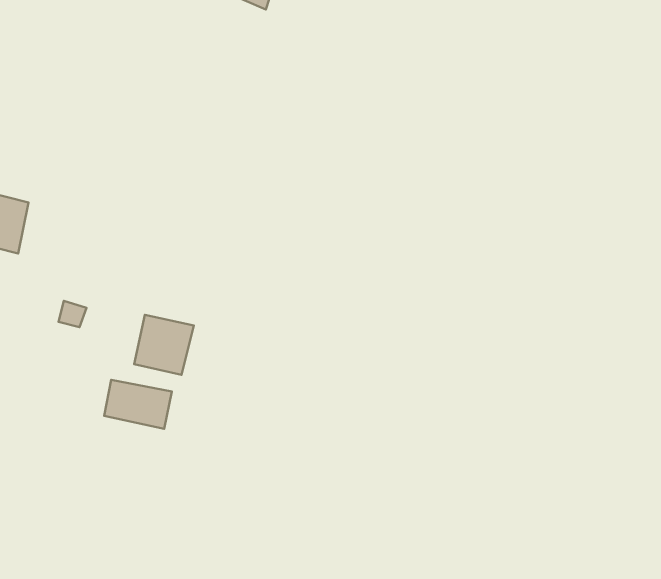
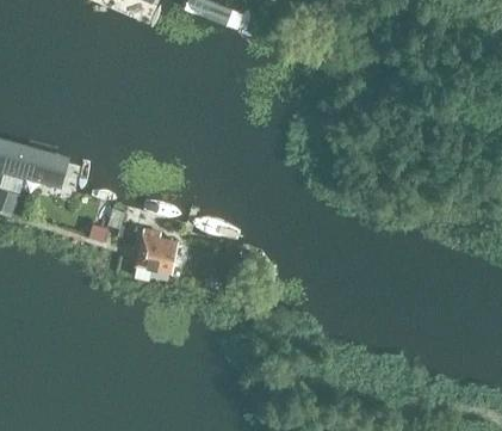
building: [104,380,172,429] -> none

